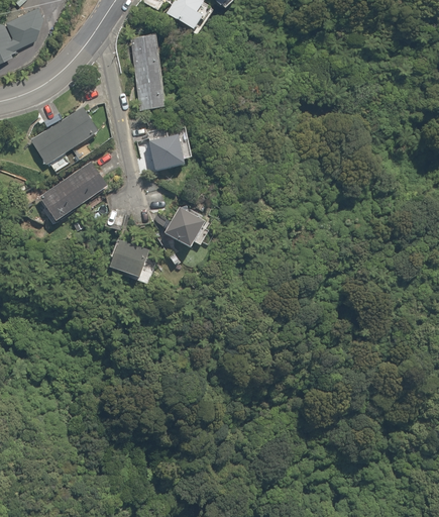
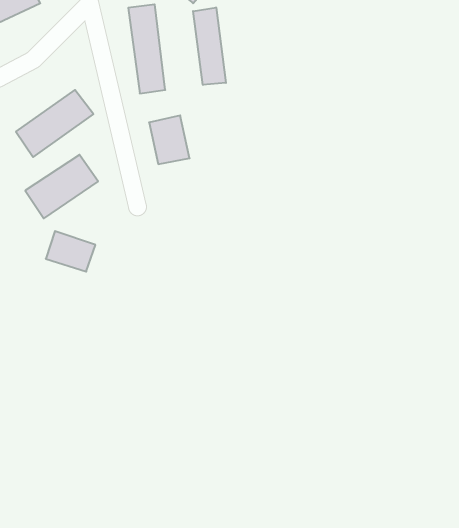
building: none -> [193,7,226,85]
building: [163,202,203,242] -> none
building: [105,237,148,273] -> [46,231,95,272]

